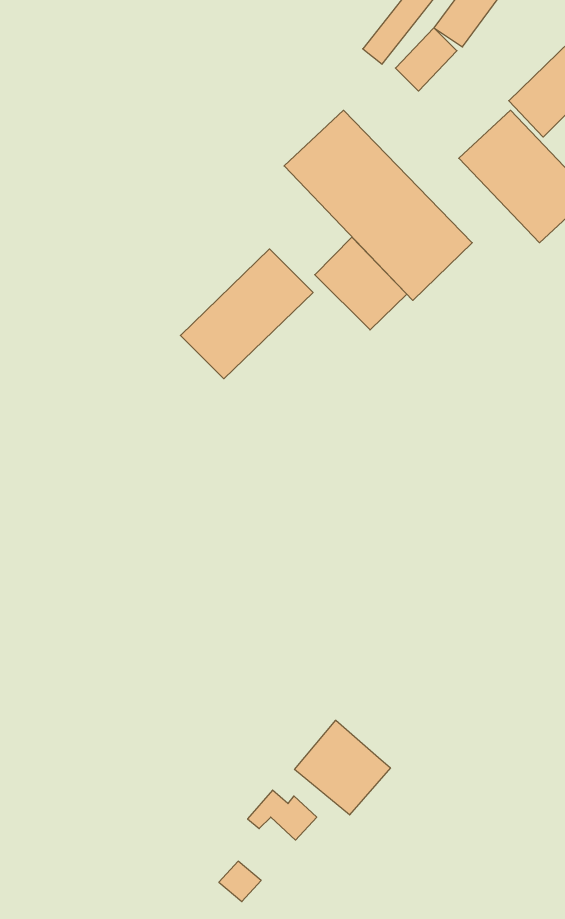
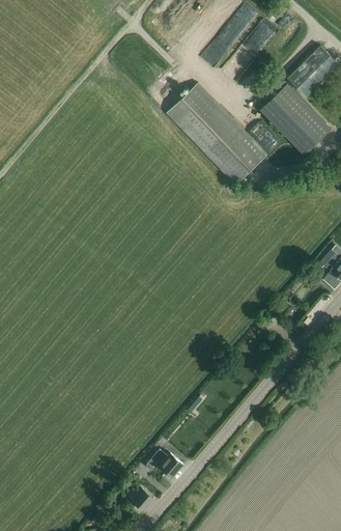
building: [315,237,407,330] -> none
building: [180,249,313,379] -> none
building: [295,720,390,815] -> none

